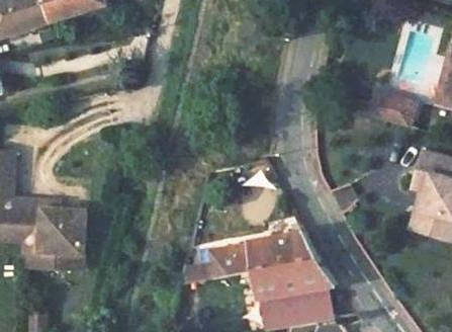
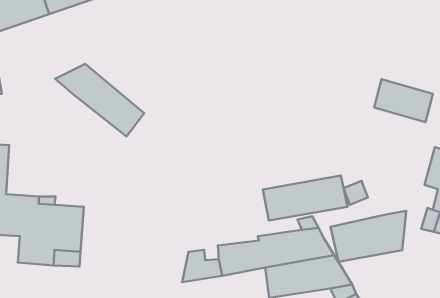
building: none -> [55,64,144,137]
building: none -> [263,175,347,220]
building: none -> [331,211,406,262]

